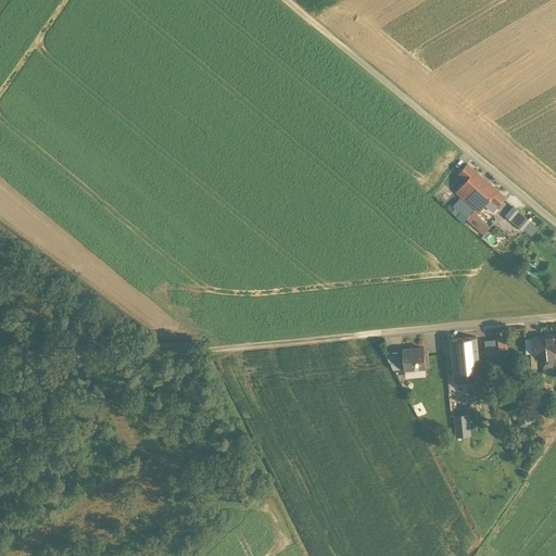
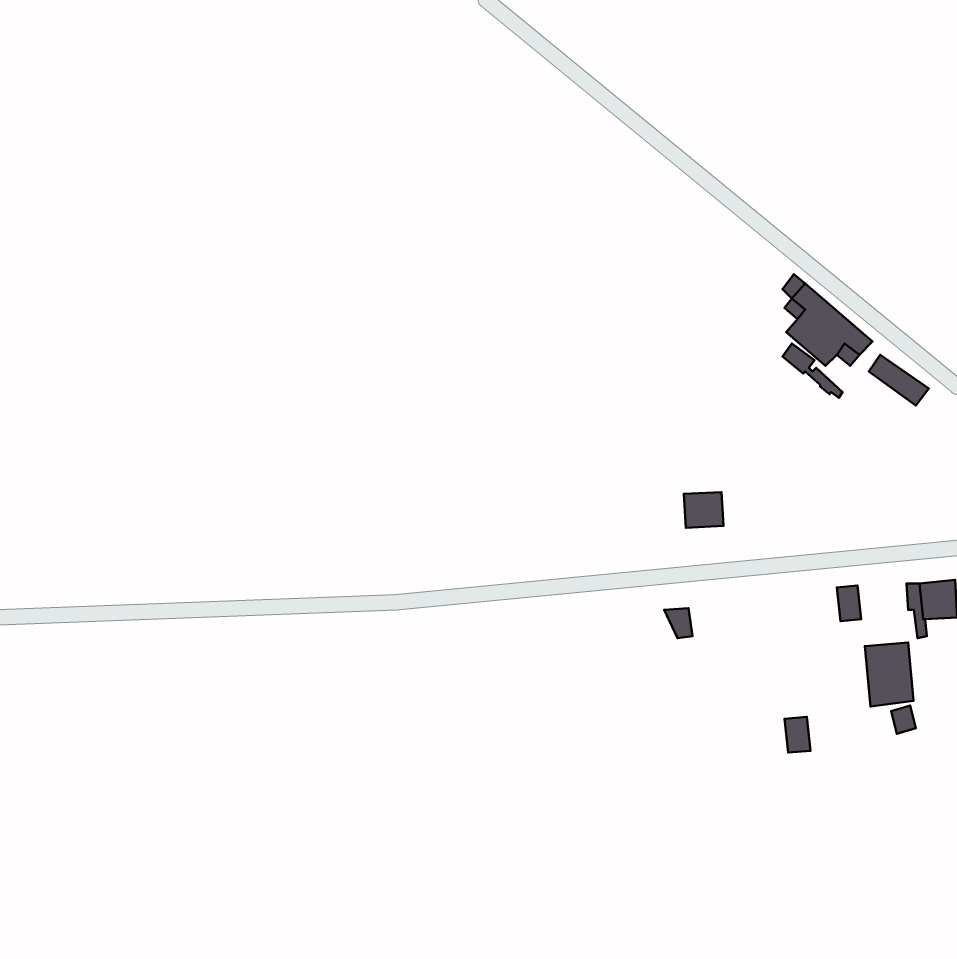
building: [451,337,479,374] -> [865,643,914,706]
building: [402,348,425,368] -> [684,492,723,528]

